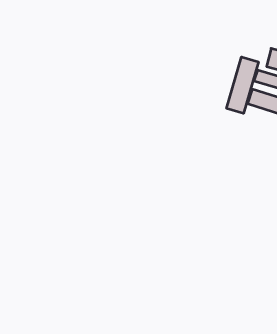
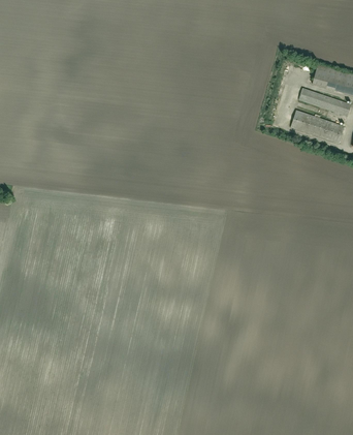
building: [227,57,258,113] -> none

